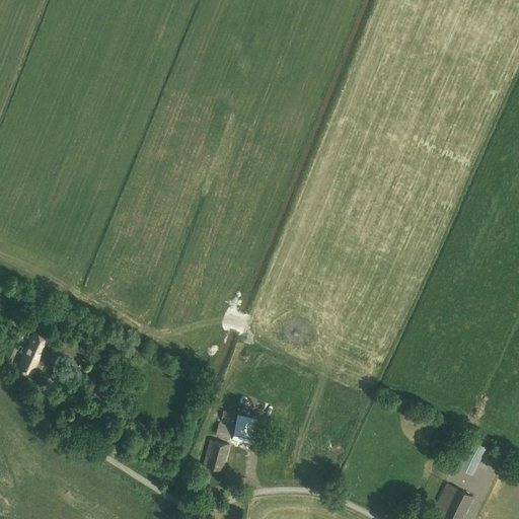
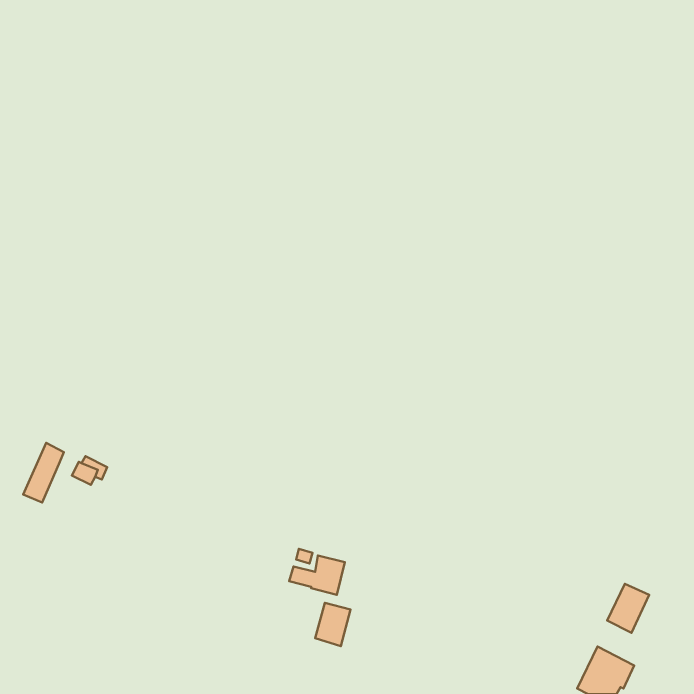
building: [203,439,229,471] -> [315,603,350,646]

